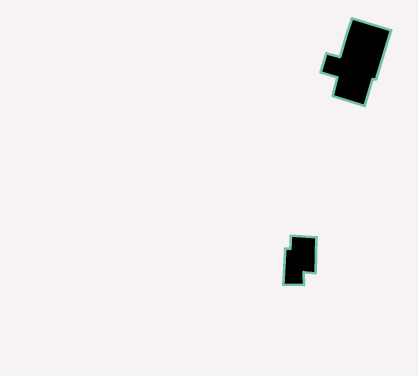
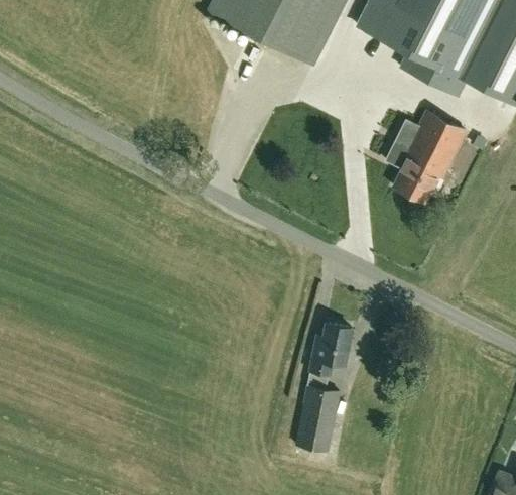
building: none -> [296,384,340,450]

